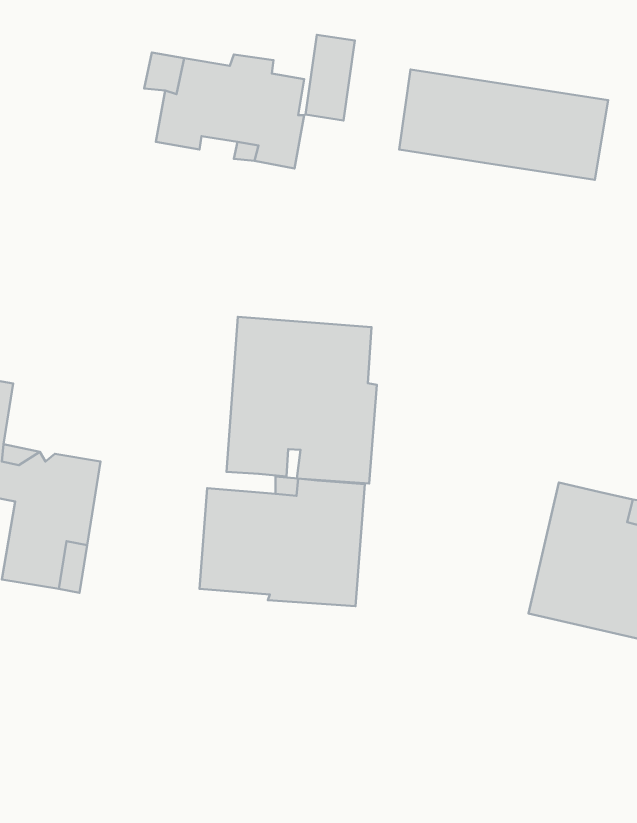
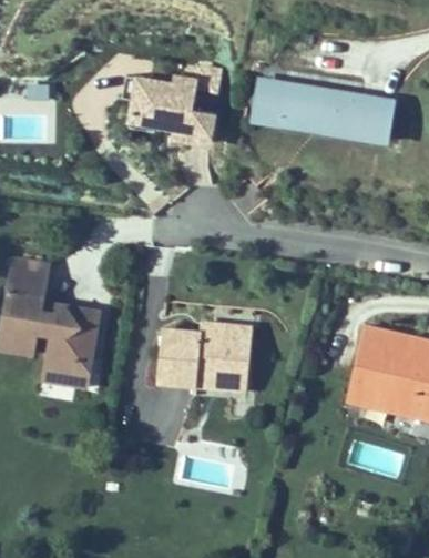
building: [305,35,355,120] -> [251,79,279,129]
building: [226,317,377,483] -> none

